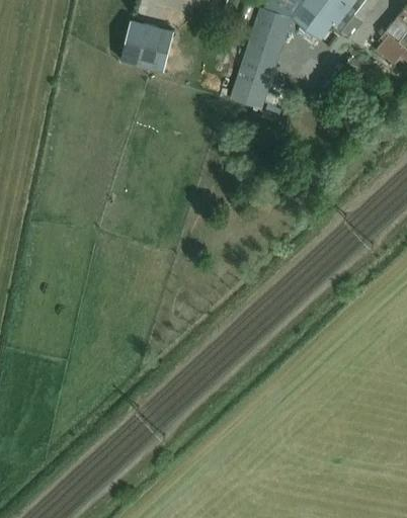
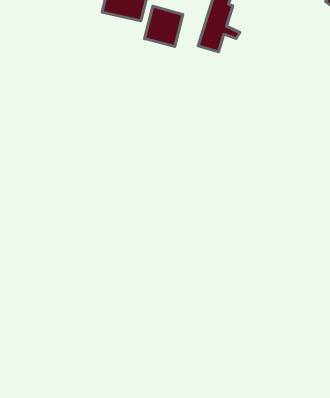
building: none -> [144,6,183,47]

